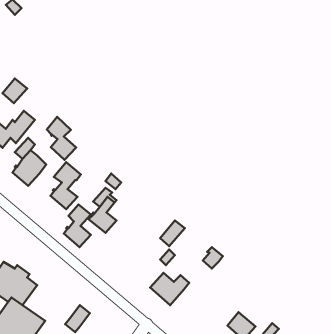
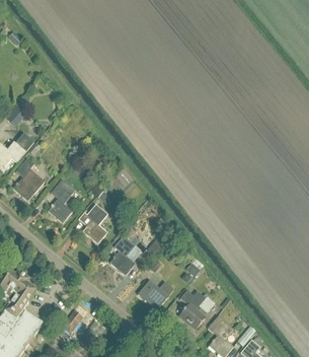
building: [47,117,76,160] -> none
building: [64,205,91,247] -> [110,235,135,274]
building: none -> [179,289,206,328]

